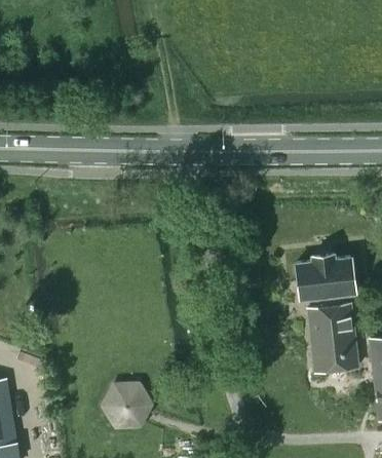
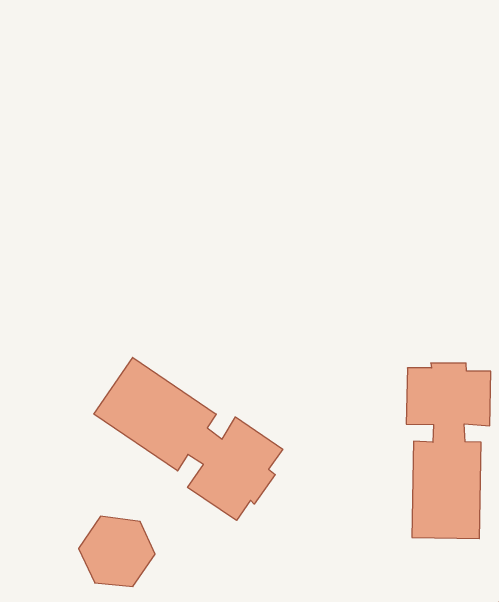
building: none -> [94,357,283,520]

